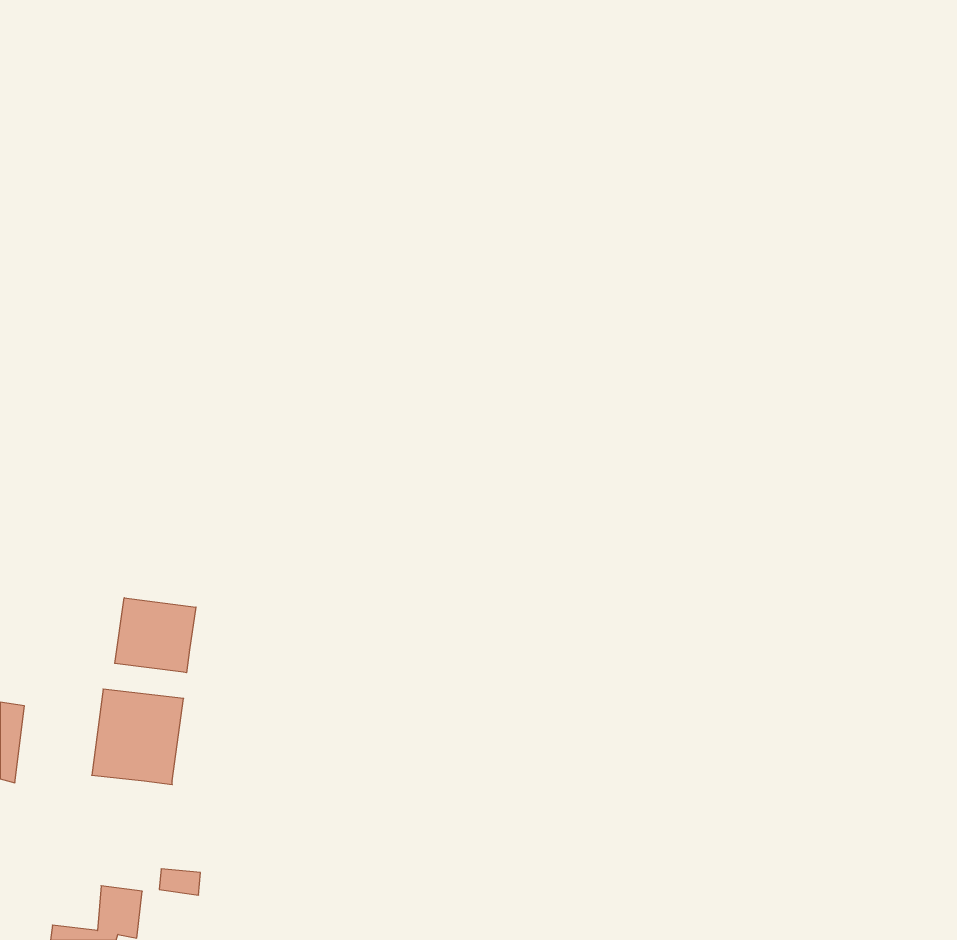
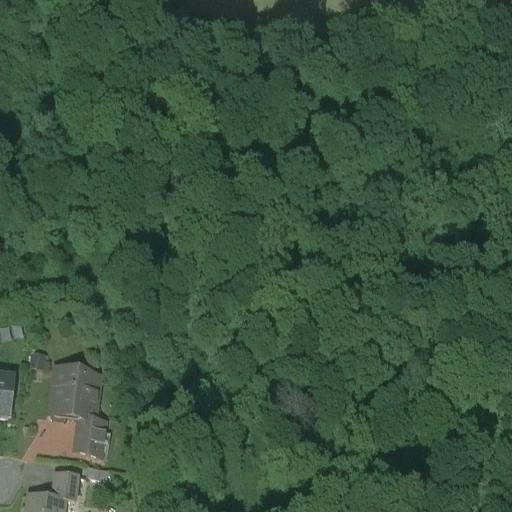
building: [115,598,196,673] -> none
building: none -> [73,417,105,453]

